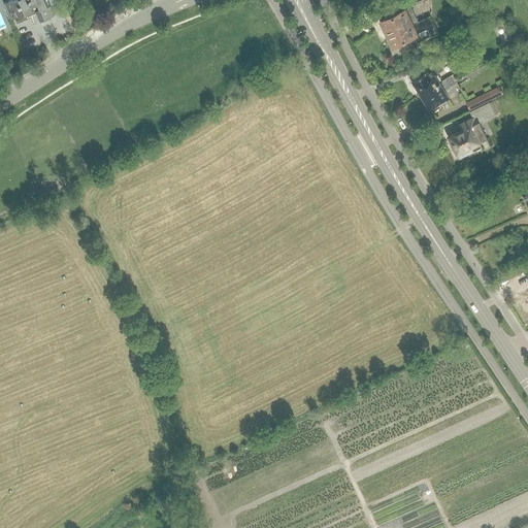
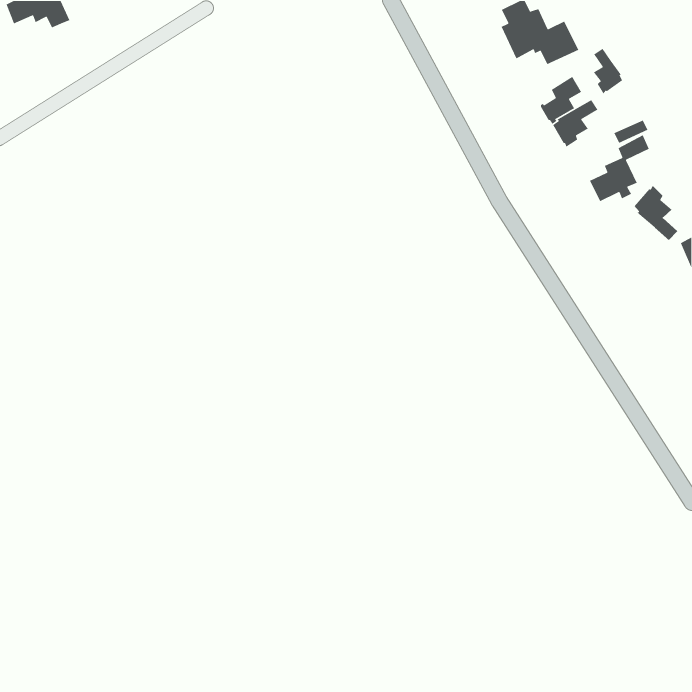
building: none -> [593,48,623,94]
building: none -> [634,185,678,241]

